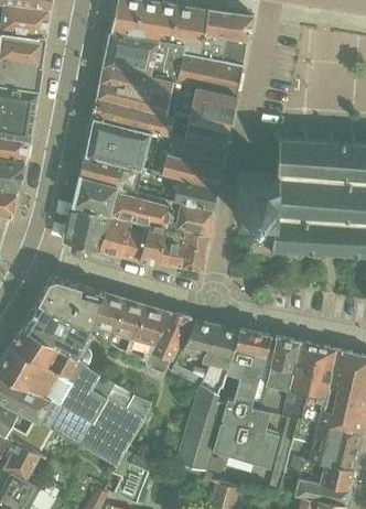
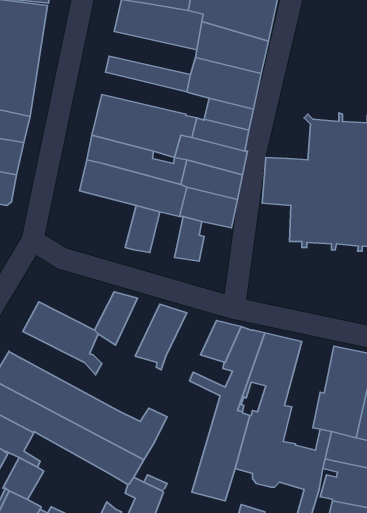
building: [99,62,177,100] -> none
building: [93,98,172,136] -> none
building: [64,204,123,254] -> none
building: [136,223,165,263] -> none
building: [180,231,208,271] -> none
building: [36,280,104,328] -> none
building: [105,300,144,351] -> none
building: [146,313,191,376] -> none
building: [11,329,116,400] -> none
building: [255,338,300,430] -> none

